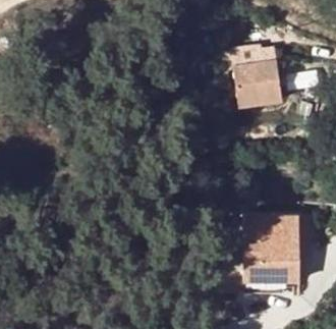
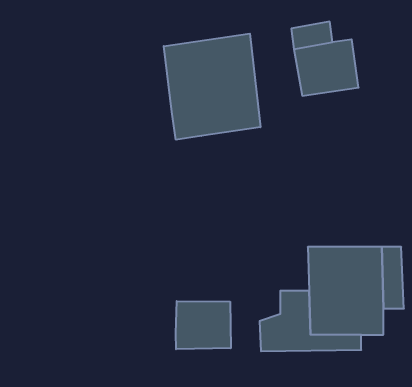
building: none -> [164,34,260,140]
building: none -> [176,301,231,349]

